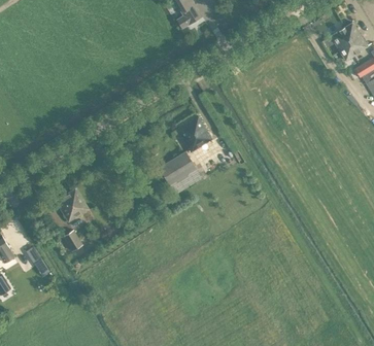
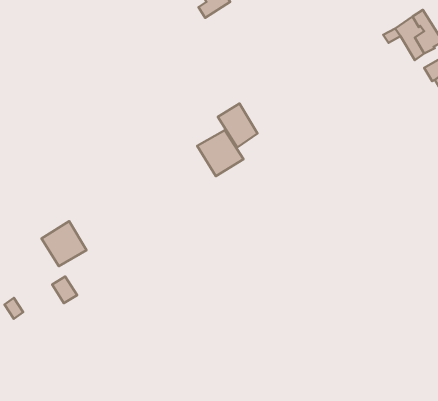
building: none -> [218,103,258,147]
building: [159,150,201,193] -> none

